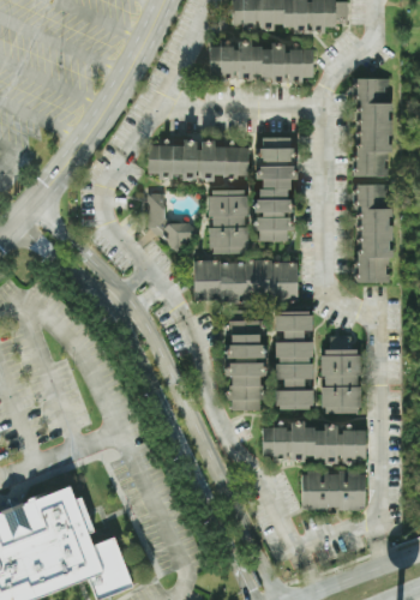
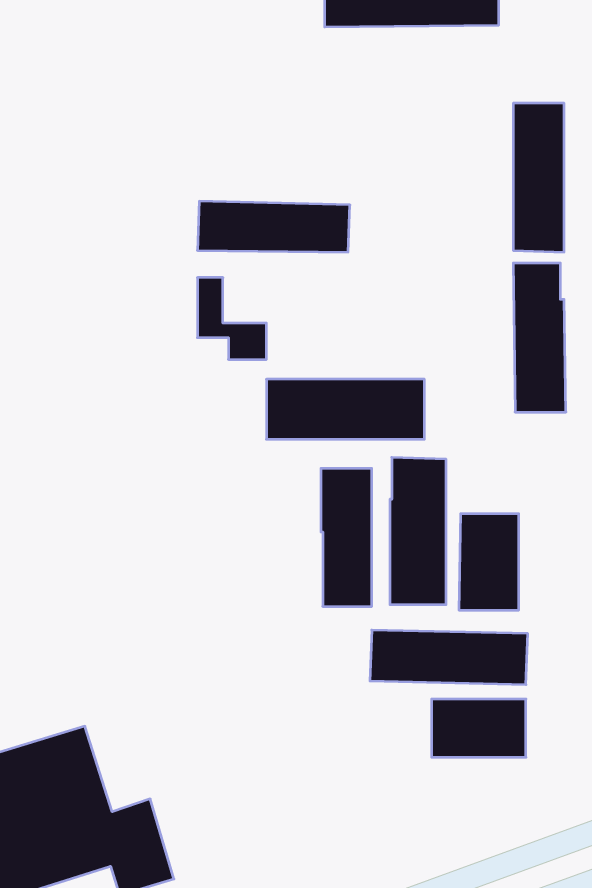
building: [209,42,313,78] -> none
building: [258,136,293,240] -> none
building: [209,188,247,252] -> none

